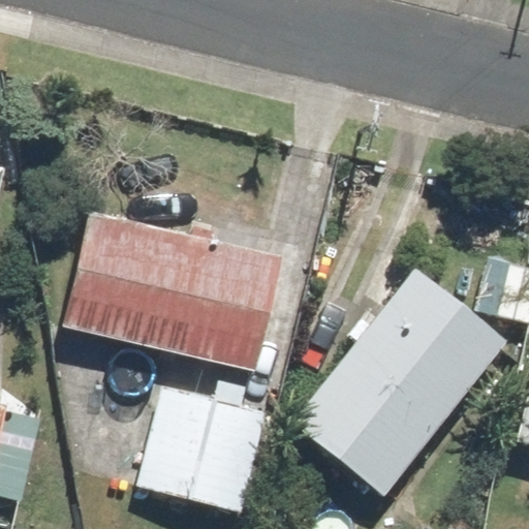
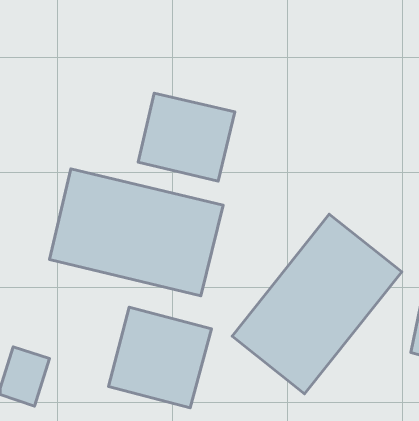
building: none -> [138,93,235,181]

